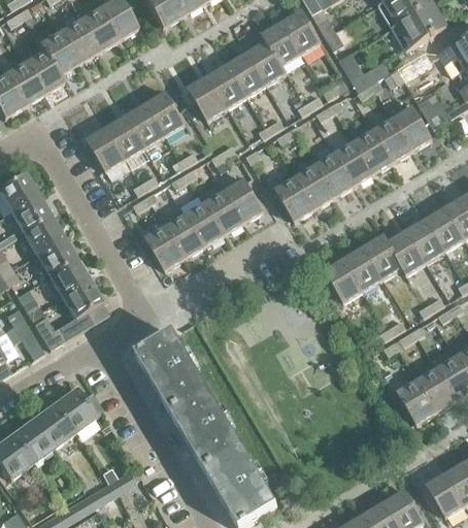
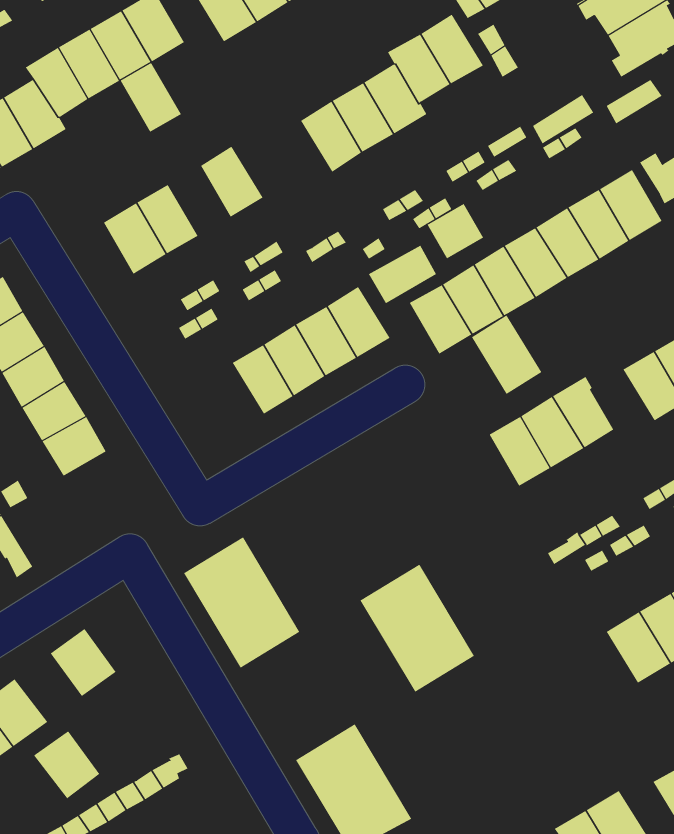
building: [188,76,228,120] -> none
building: [127,104,165,147] -> [120,62,182,132]
building: none -> [427,203,484,259]
building: none -> [368,245,437,304]
building: none -> [471,315,542,395]
building: [145,226,186,270] -> none
building: [388,230,427,274] -> none
building: [33,280,101,350] -> none
building: [171,392,242,471] -> [360,564,475,692]
building: [32,405,73,448] -> [33,731,100,799]

